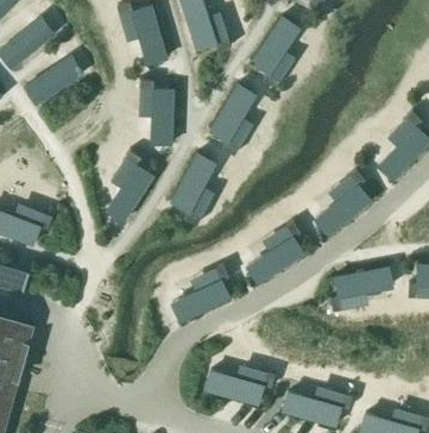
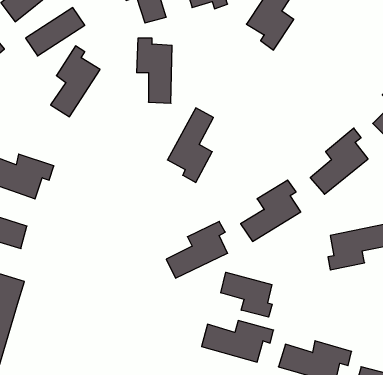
building: [209,84,258,158] -> none
building: [106,152,156,224] -> [51,46,100,117]
building: none -> [221,272,272,317]

